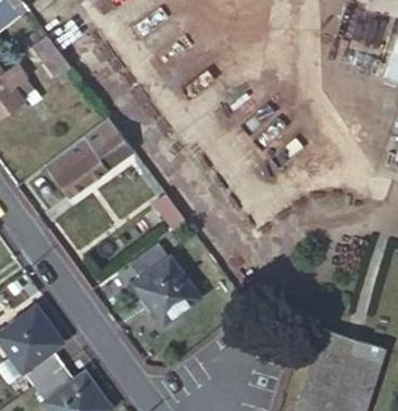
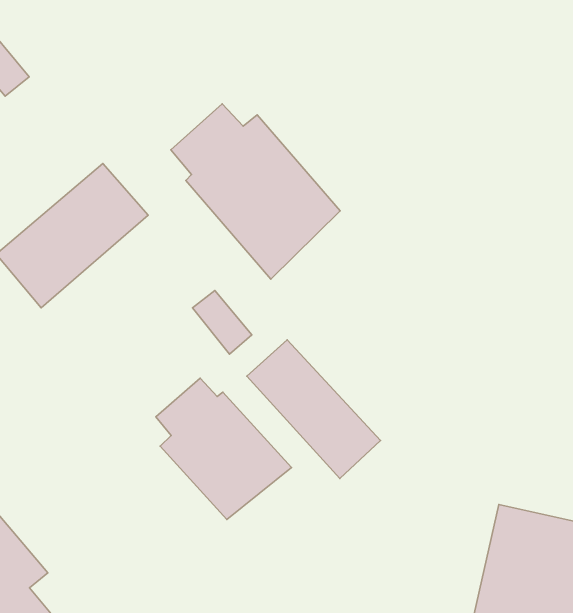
building: none -> [171,104,340,279]
building: none -> [247,340,380,479]

